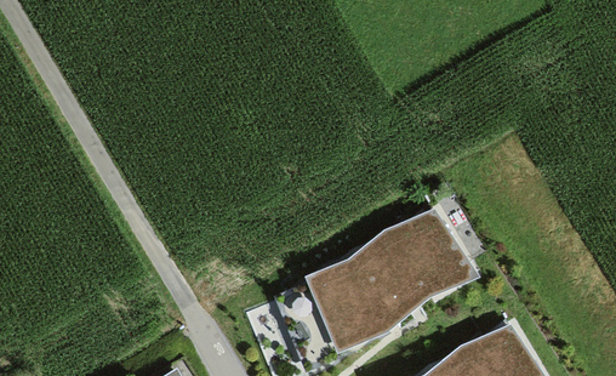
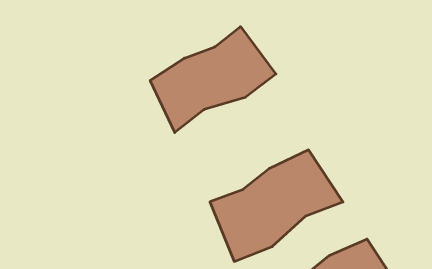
building: none -> [150,27,276,133]

